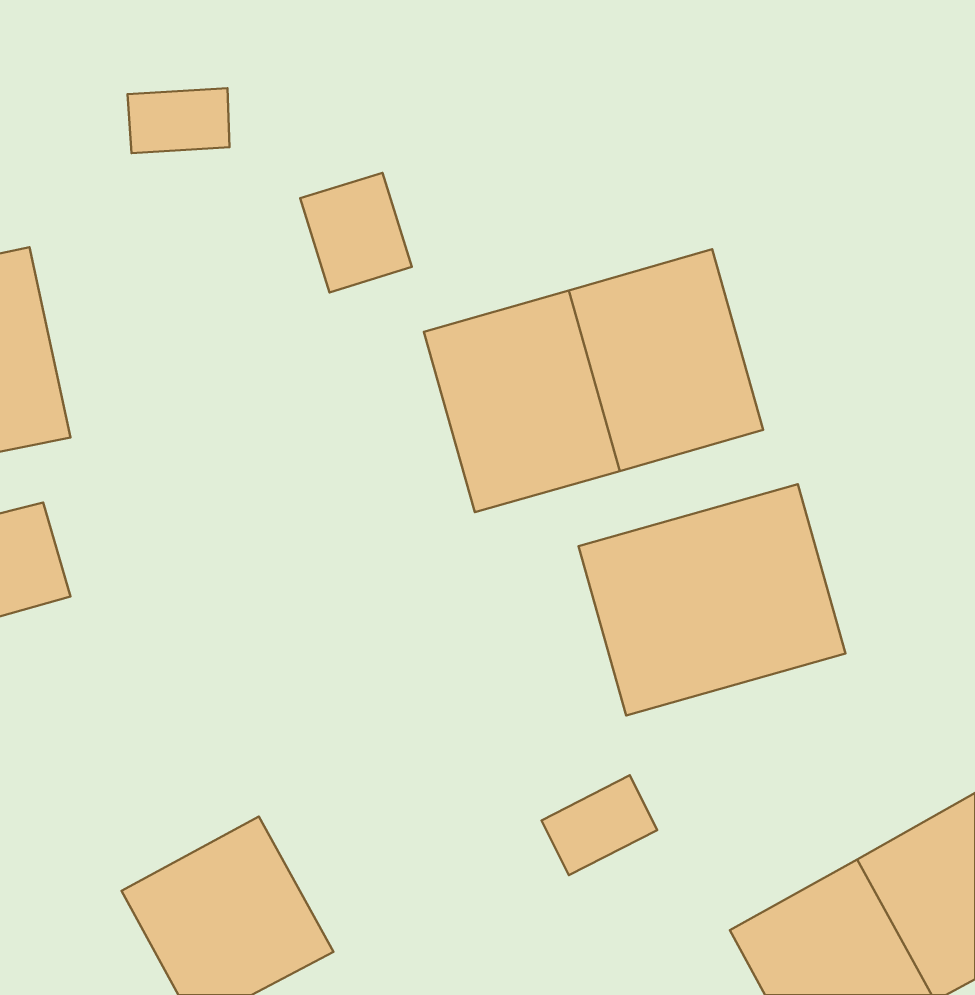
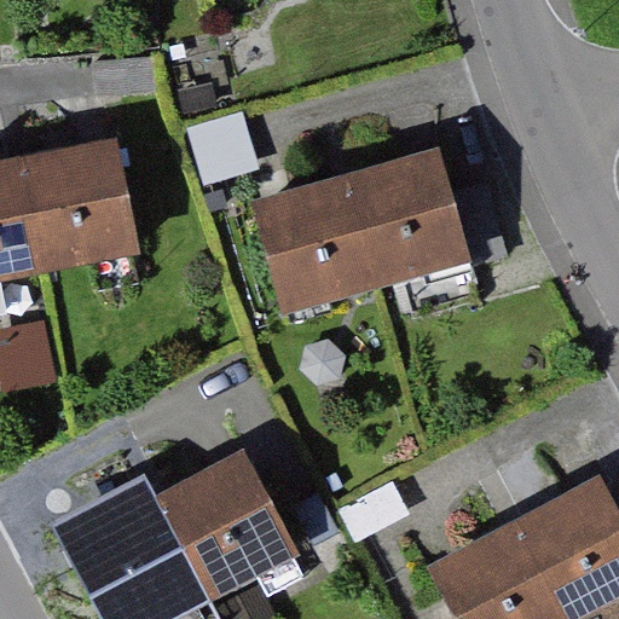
building: none -> [18,134,133,270]
building: [579,484,846,716] -> none
building: none -> [160,456,291,586]

